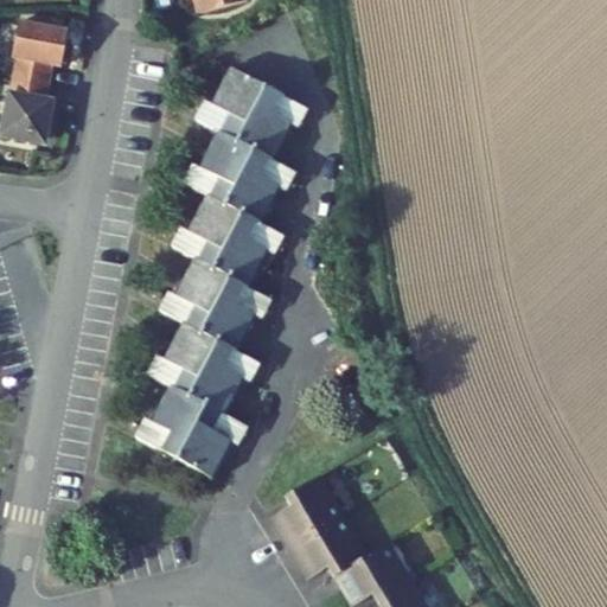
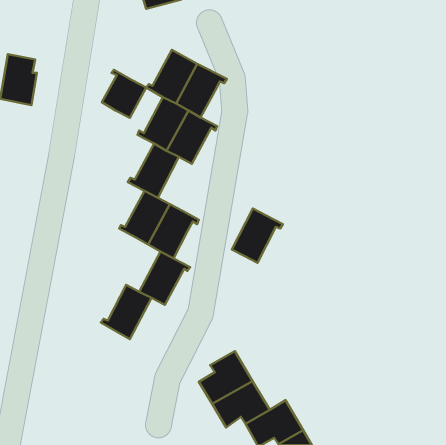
building: [9,20,65,81] -> none
building: none -> [102,70,146,118]
building: [213,212,282,286] -> [232,208,283,263]
building: [148,321,217,395] -> none
building: [175,403,245,477] -> none

